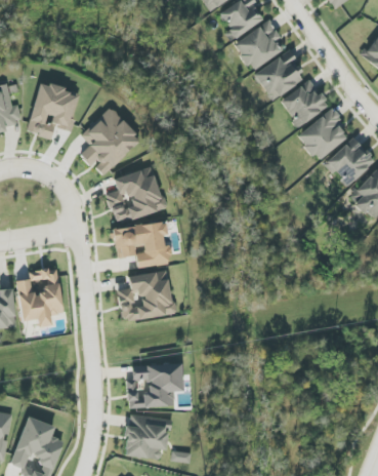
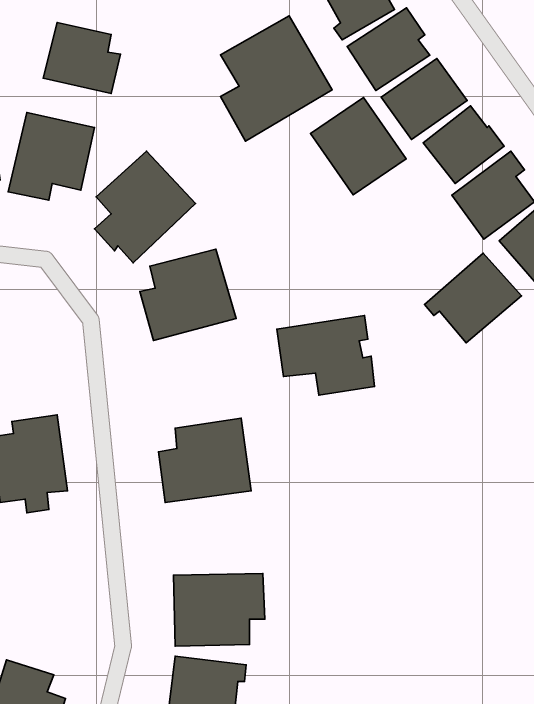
building: none -> [221,16,332,141]
building: none -> [43,23,120,94]
building: none -> [311,98,406,195]
building: none -> [425,253,521,343]
building: [112,220,171,268] -> [277,316,374,395]

